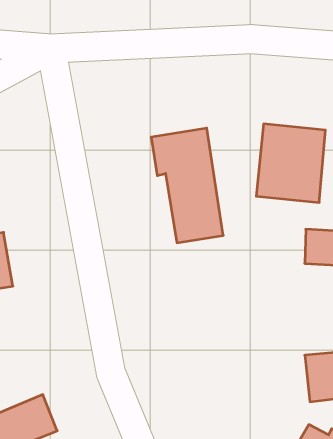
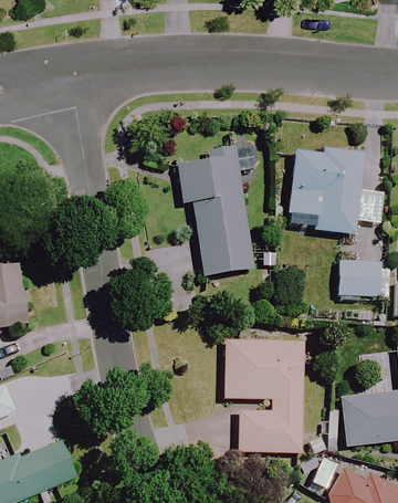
building: none -> [224,339,304,452]

